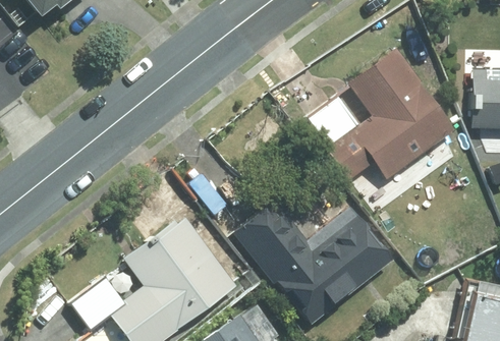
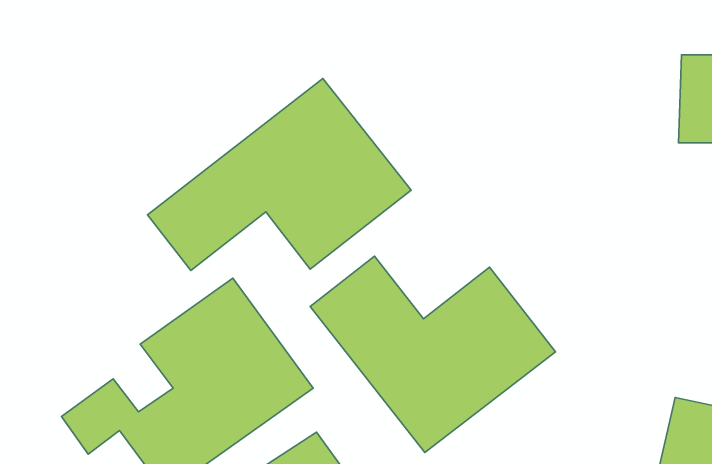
building: [308,49,454,179] -> none
building: none -> [147,79,411,270]

